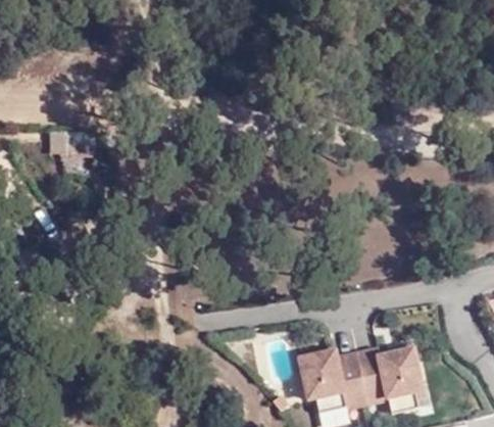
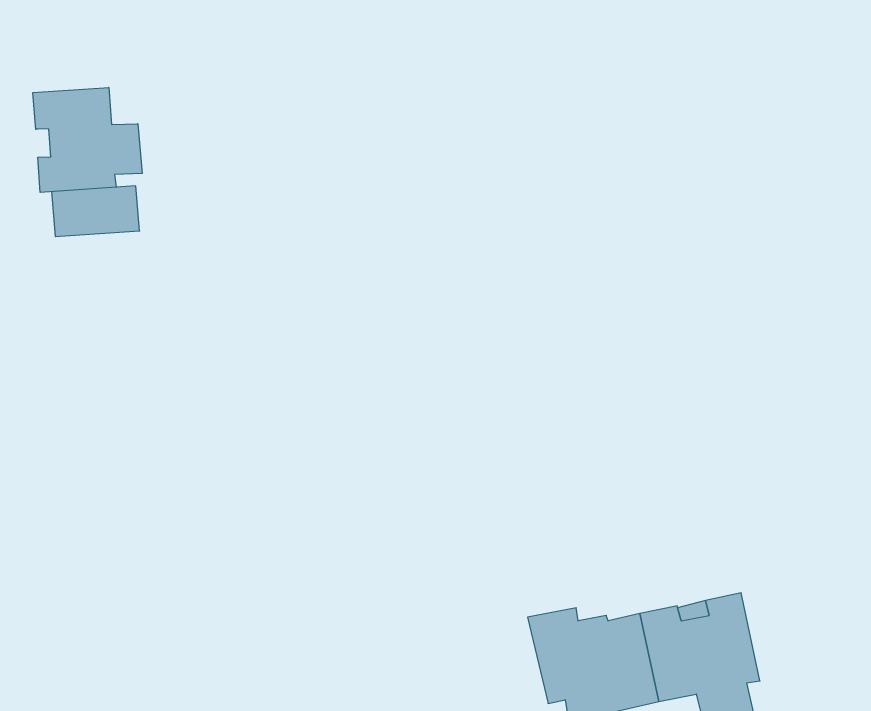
building: none -> [33,87,142,192]

